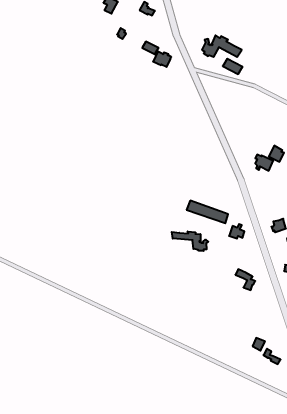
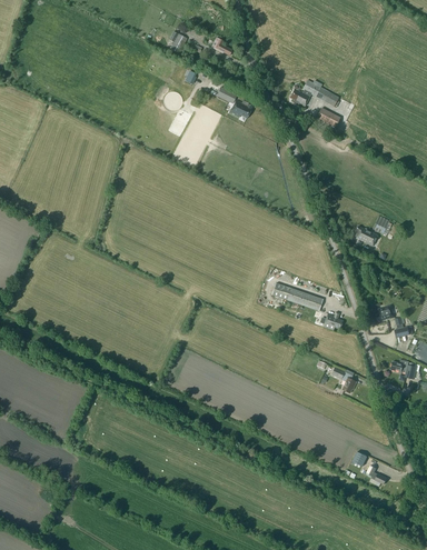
building: [172,231,208,251] -> none

